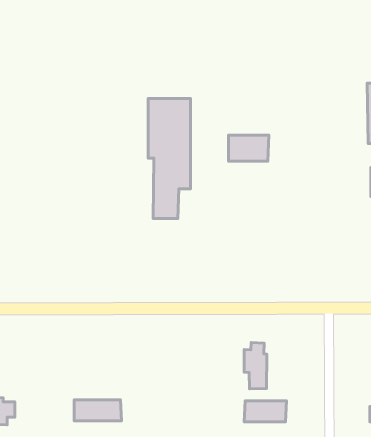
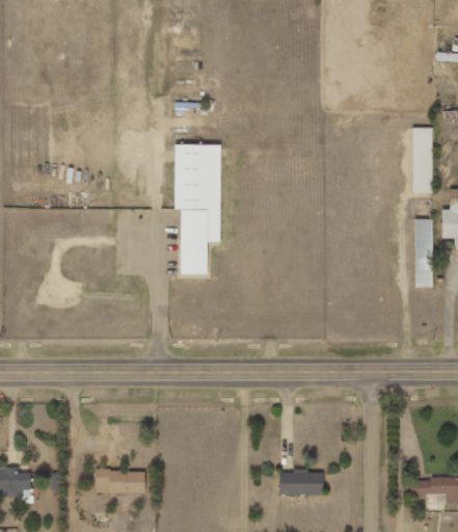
building: [228,135,269,161] -> none
building: [244,343,267,389] -> none

